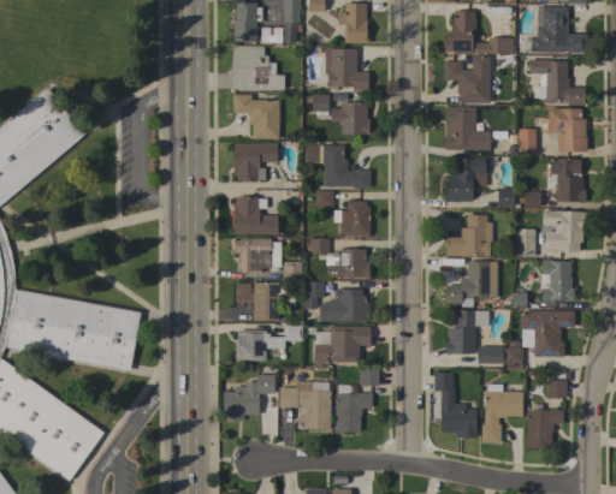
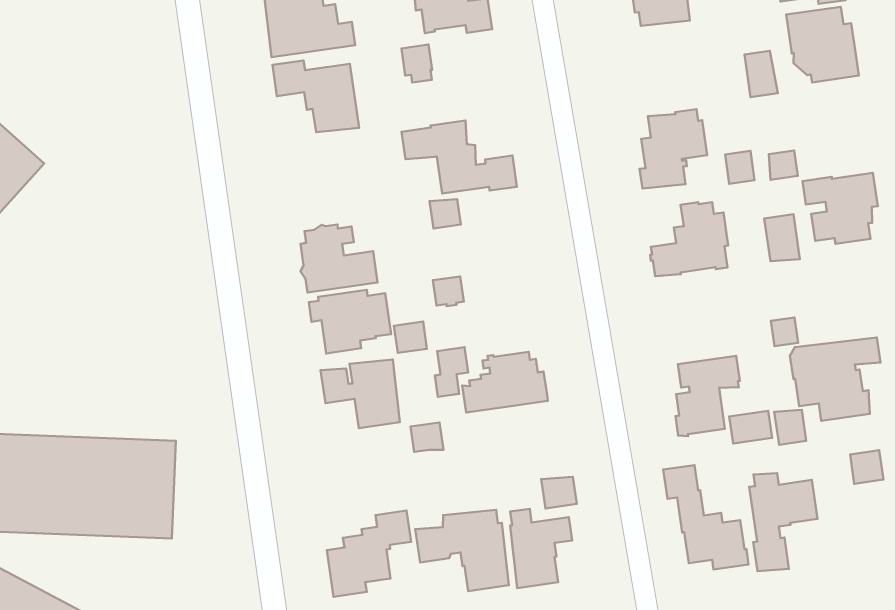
building: [331,102,369,135] -> none
building: [444,107,490,150] -> none
building: [231,143,277,183] -> none
building: [550,157,585,203] -> none
building: [339,201,369,234] -> none
building: [327,249,369,278] -> none
building: [541,260,574,300] -> none
building: [443,261,497,306] -> none
building: [307,326,369,362] -> none
building: [235,331,279,361] -> none
building: [526,410,563,448] -> none

